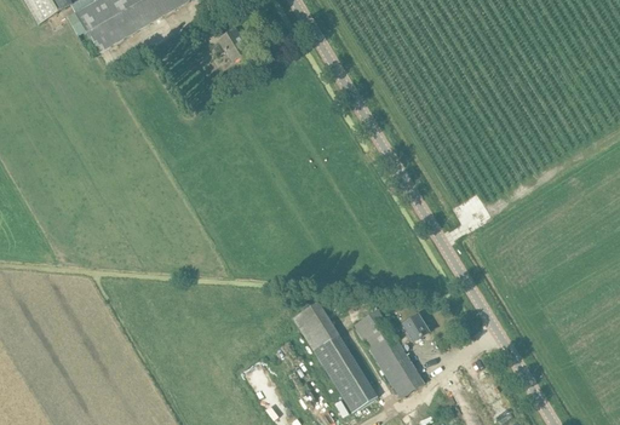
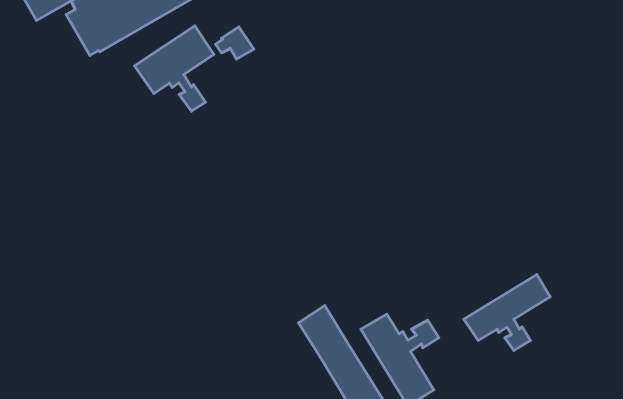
building: none -> [135,26,214,111]
building: none -> [464,274,550,351]

